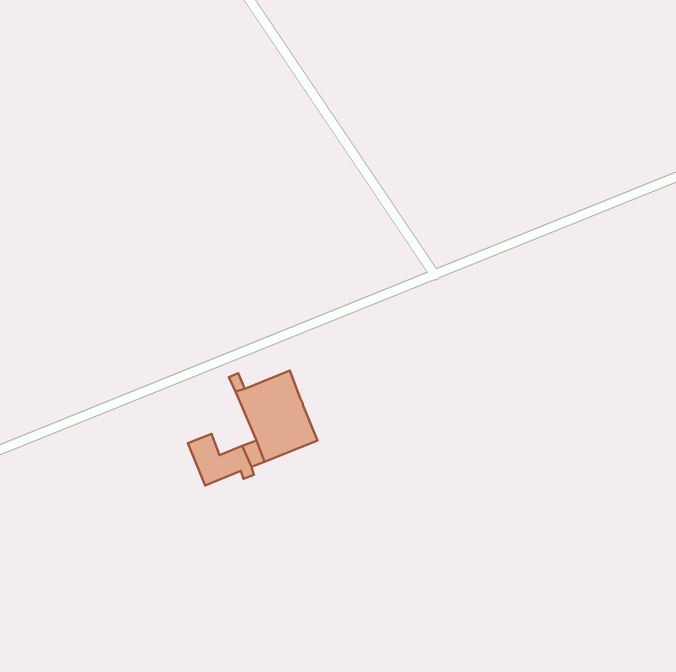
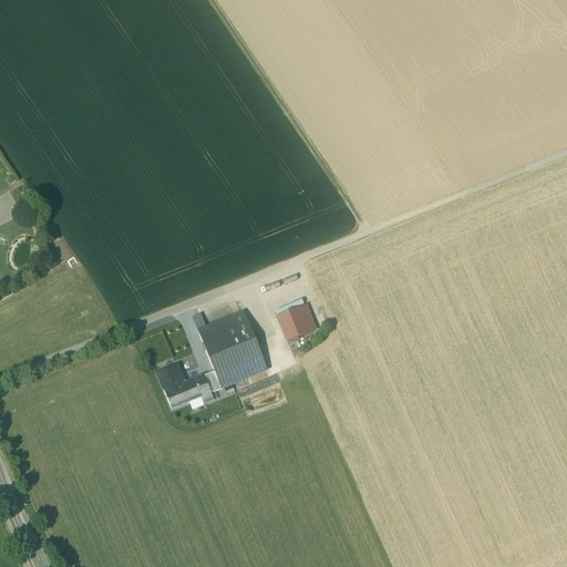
building: none -> [277,303,313,339]

